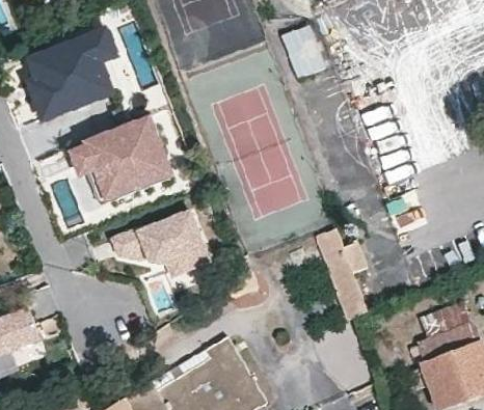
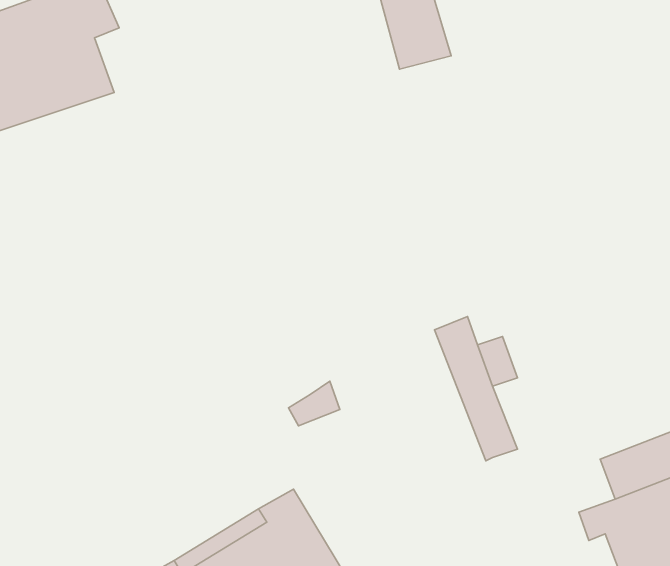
building: [68,114,170,203] -> none
building: [114,206,207,277] -> none

